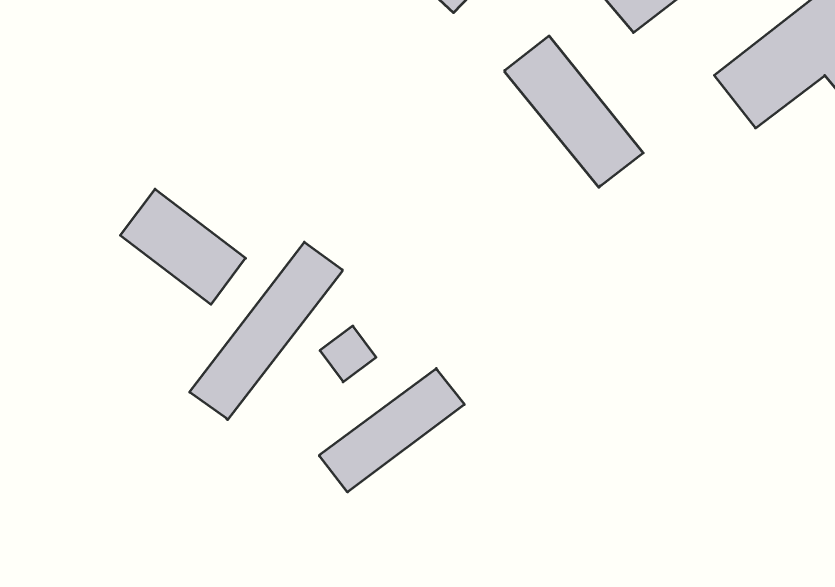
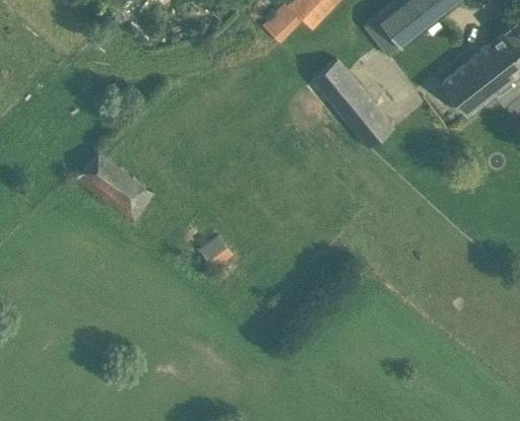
building: [190,242,342,420] -> none
building: [319,368,464,492] -> none

